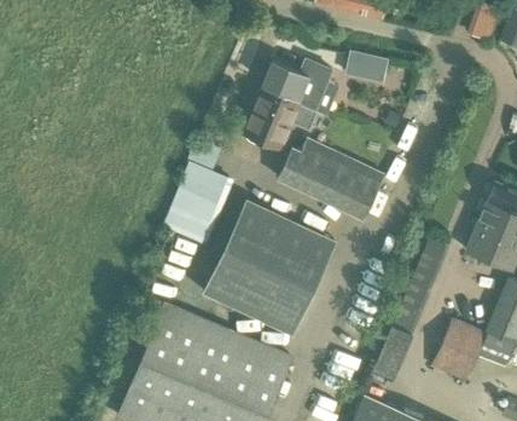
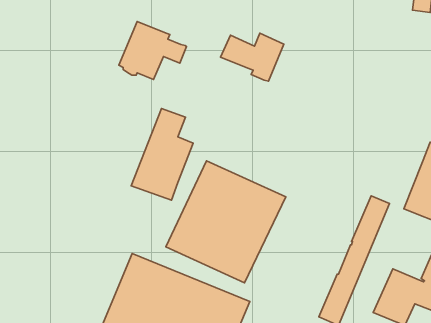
building: [337,48,388,83] -> none
building: [242,85,316,149] -> [119,22,186,79]
building: [277,138,385,220] -> none

